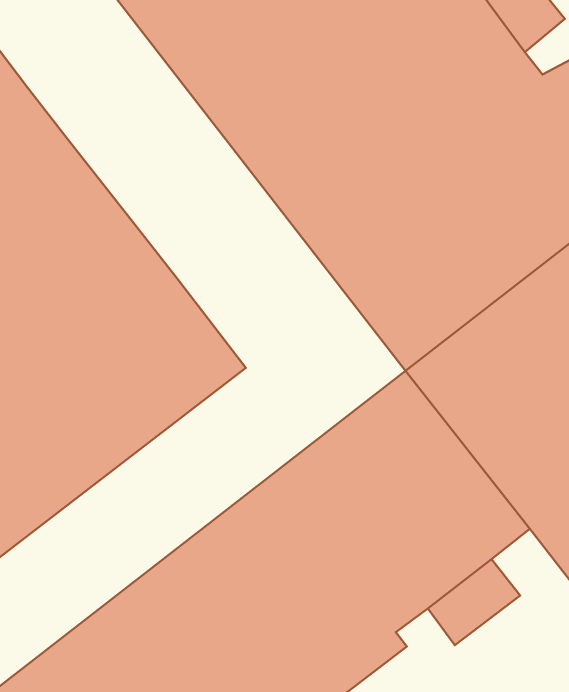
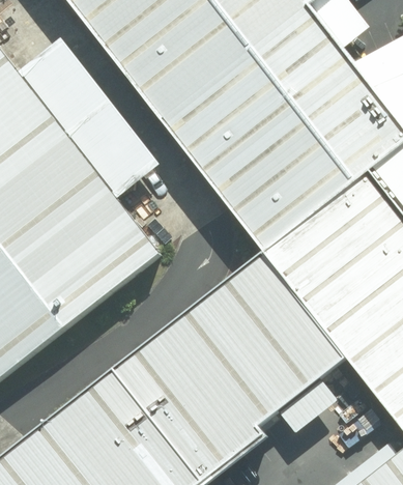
building: none -> [19,37,159,195]

